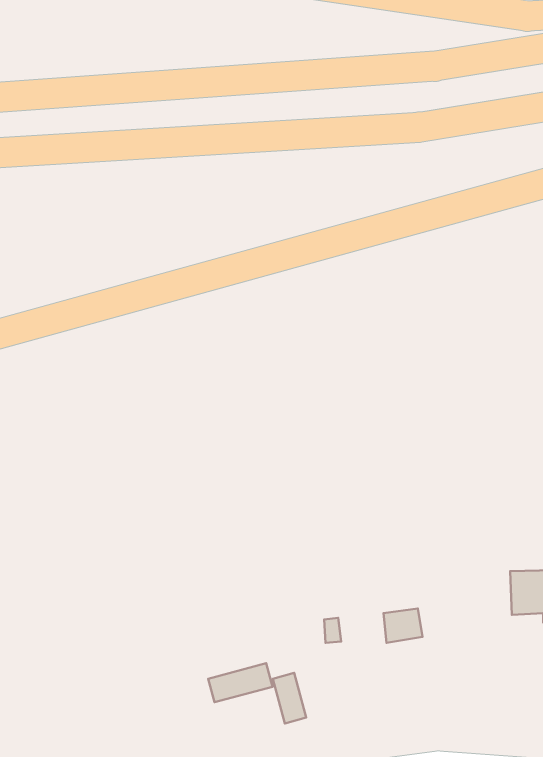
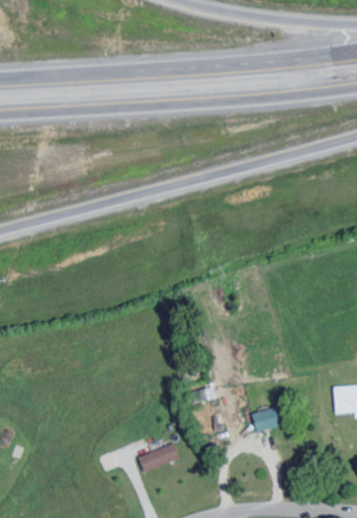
building: [273,673,306,723] -> none

